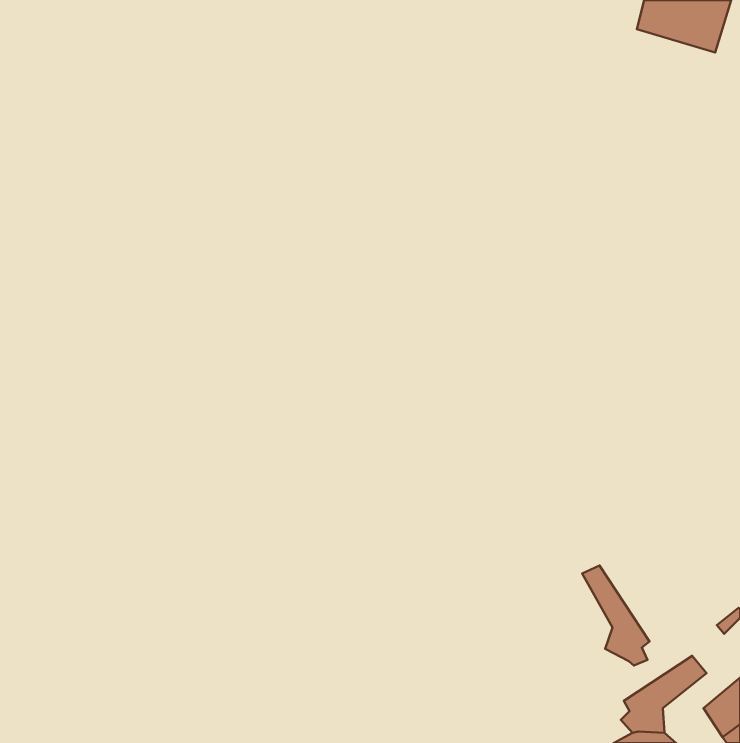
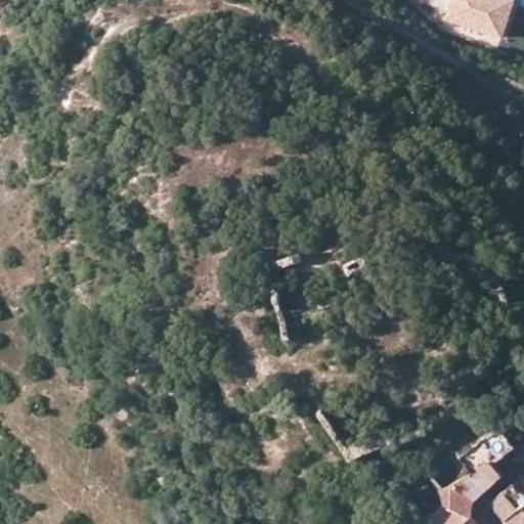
building: [582,566,649,666] -> none

